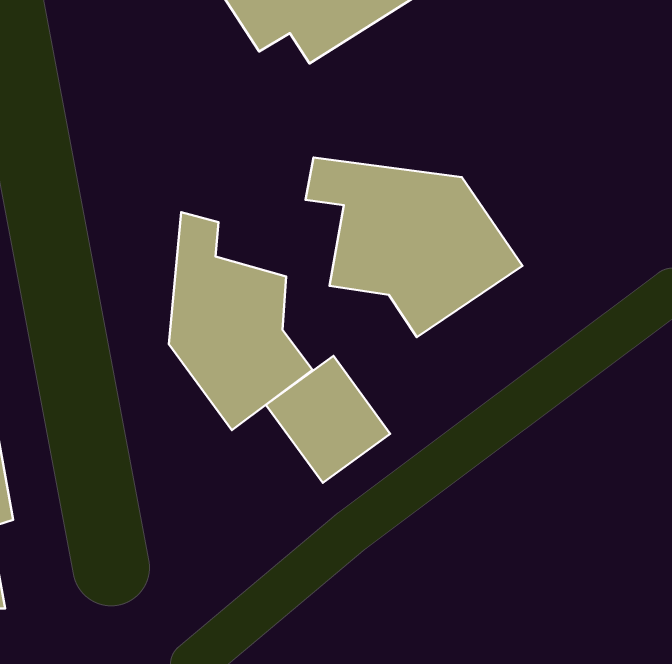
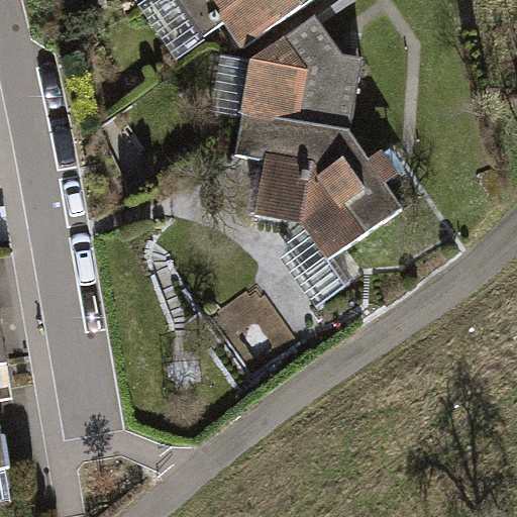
building: none -> [239,15,361,135]
building: [169,212,313,430] -> none

